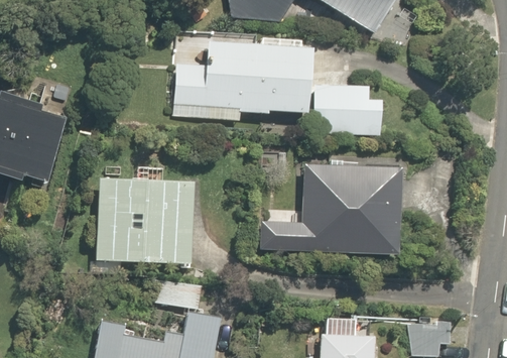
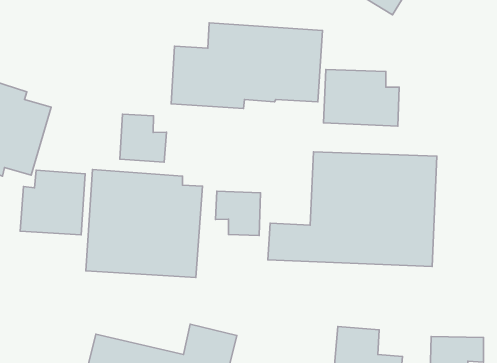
building: none -> [120,114,166,162]
building: none -> [20,170,85,235]
building: none -> [215,191,261,236]

